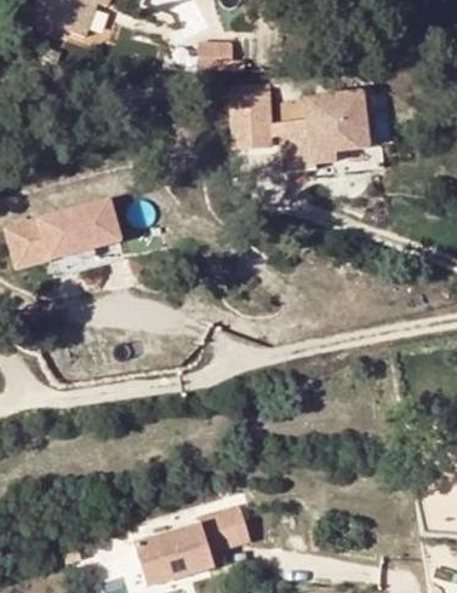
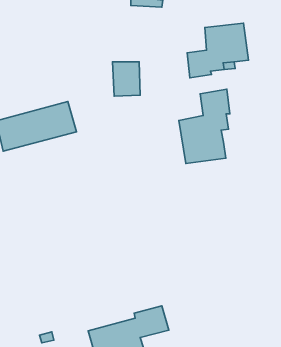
building: [230,94,270,144] -> [112,62,140,96]
building: none -> [179,89,230,164]

